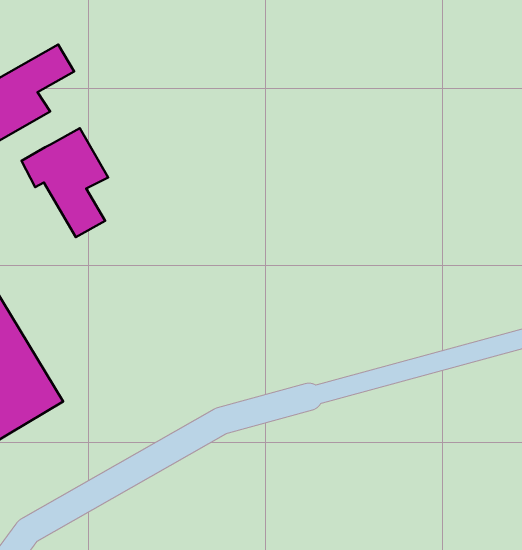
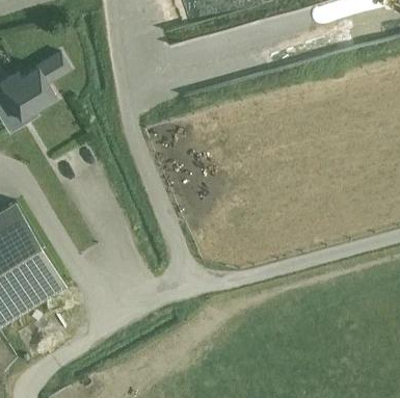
building: [21,128,108,237] -> none

